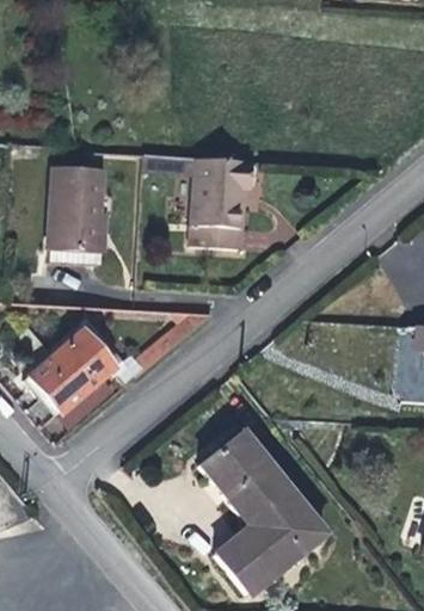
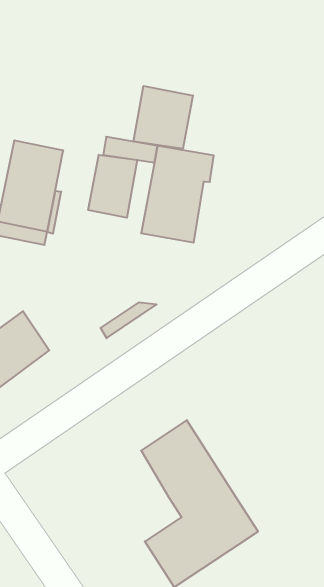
building: none -> [134,86,193,149]
building: none -> [88,155,137,218]

